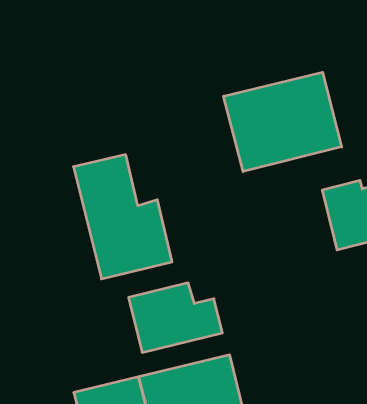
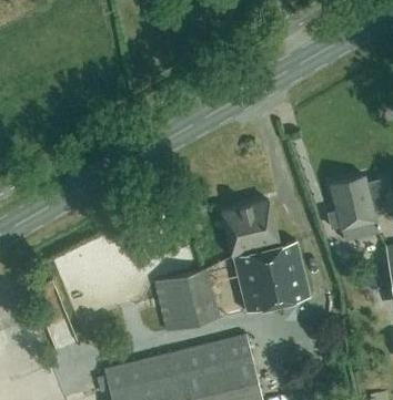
building: [224,72,342,172] -> none
building: [73,155,172,279] -> [219,201,309,314]

